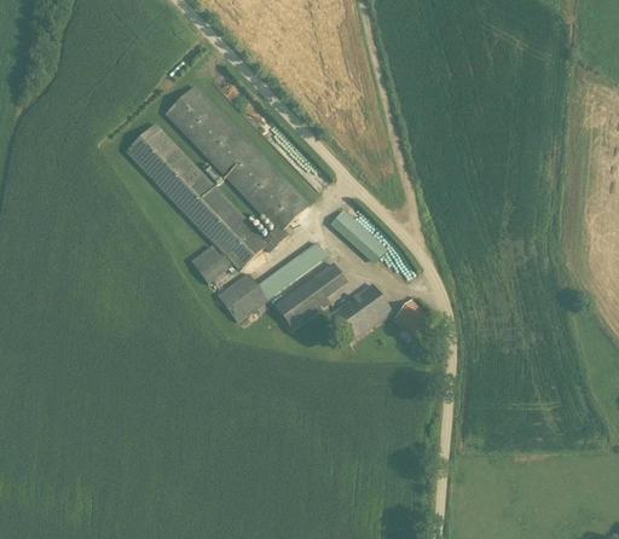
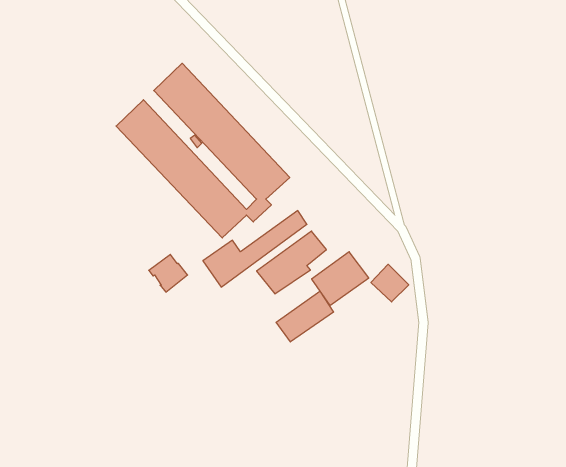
building: [331,209,387,261] -> none
building: [190,244,231,284] -> [149,254,188,292]
building: none -> [276,291,334,342]

